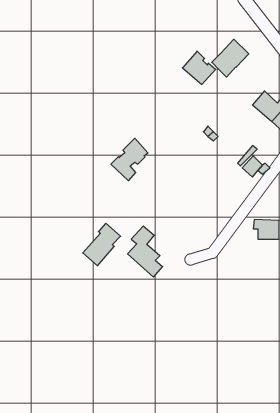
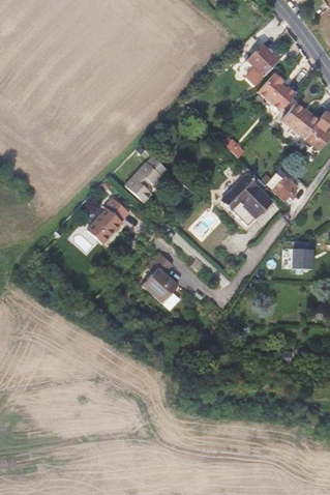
building: [182,51,216,84] -> [261,74,298,111]
building: none -> [223,178,271,225]
building: [83,223,121,266] -> [86,198,128,245]

